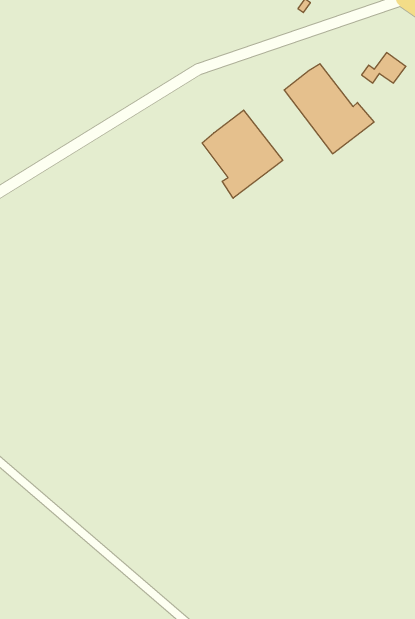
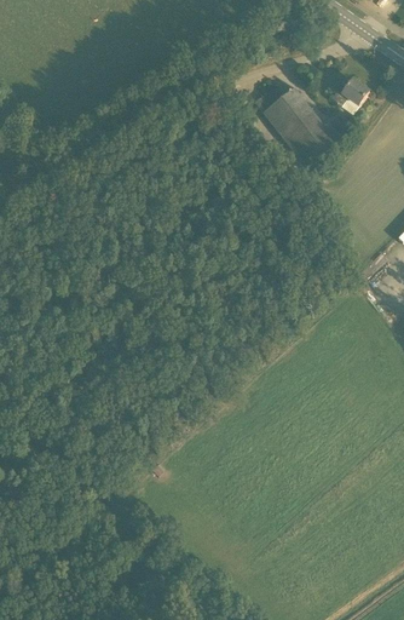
building: [202,110,283,198] -> none

